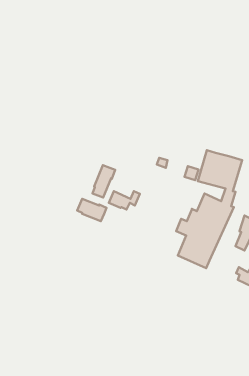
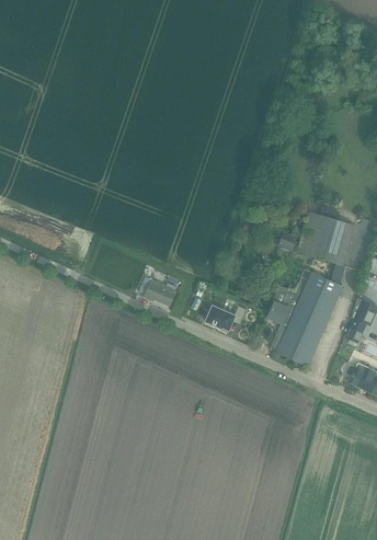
building: [93,165,115,197] -> none
building: [109,191,140,210] -> [206,307,247,331]

